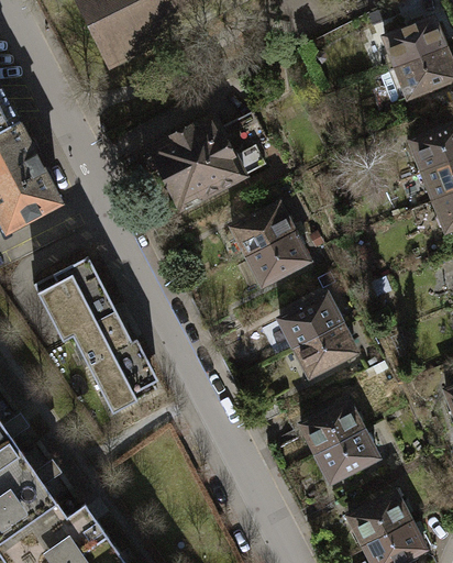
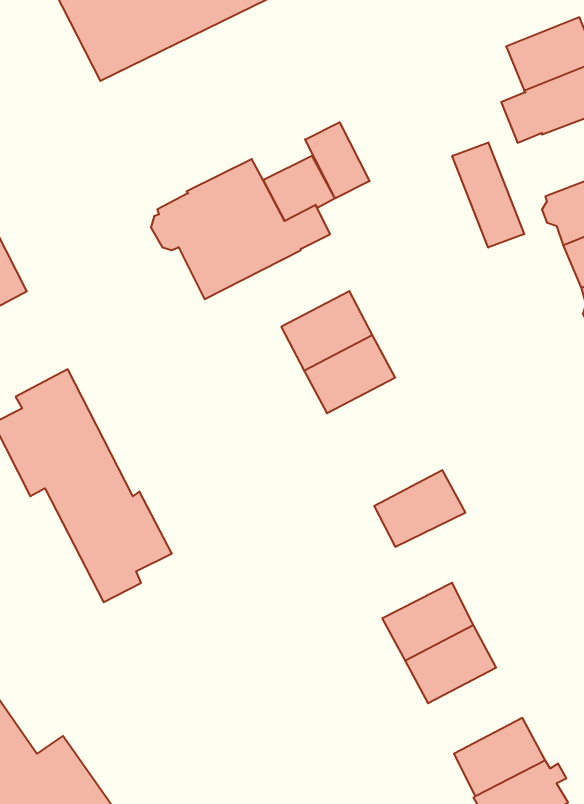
building: none -> [305,122,370,198]
building: none -> [452,142,524,248]
building: [279,296,341,349] -> none

